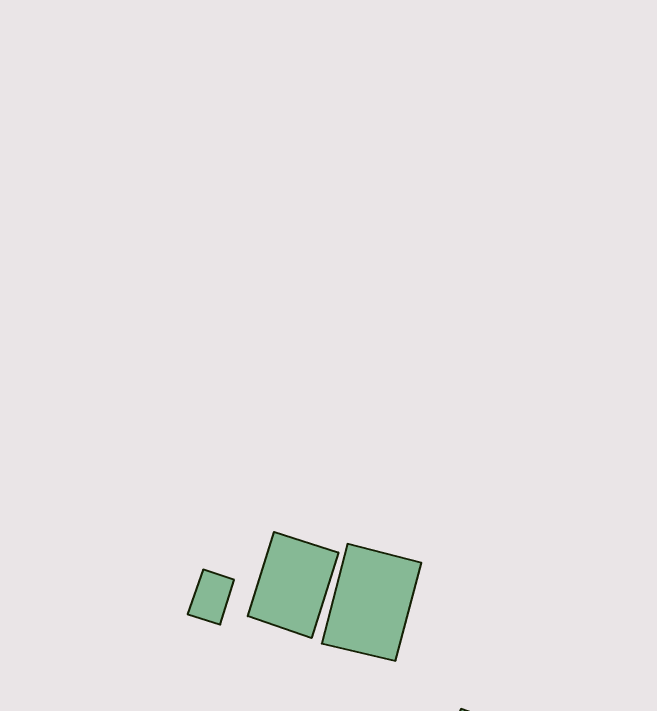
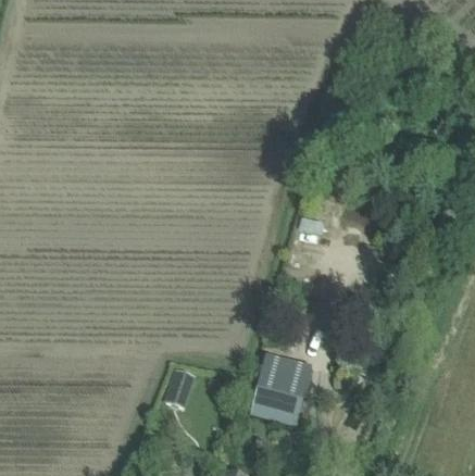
building: [248,532,338,638] -> none

